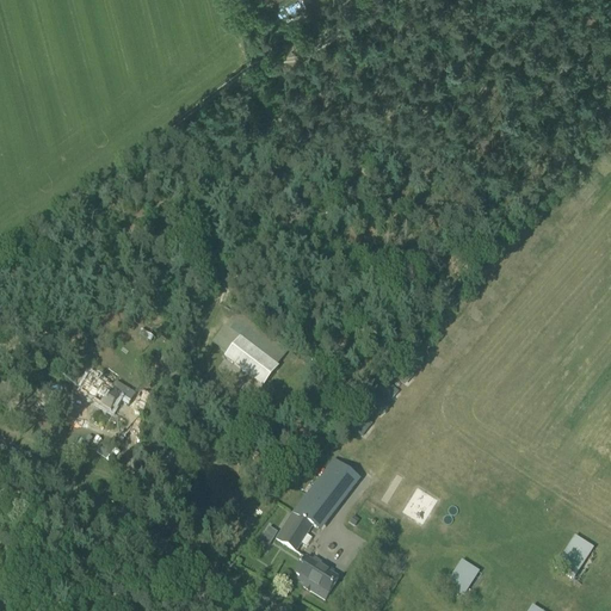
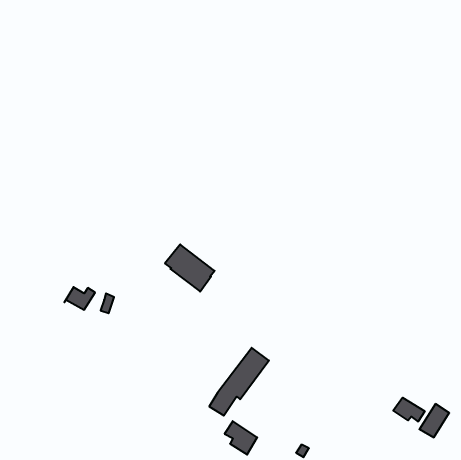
building: none -> [393,398,425,422]
building: [448,557,479,591] -> none

